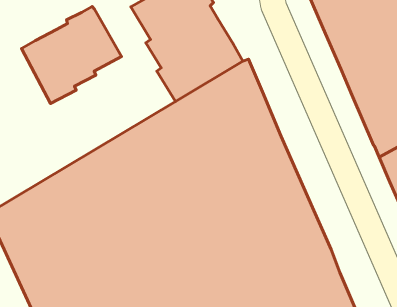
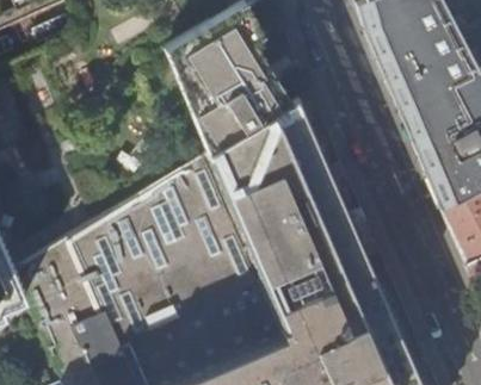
building: [21,7,121,103] -> none

